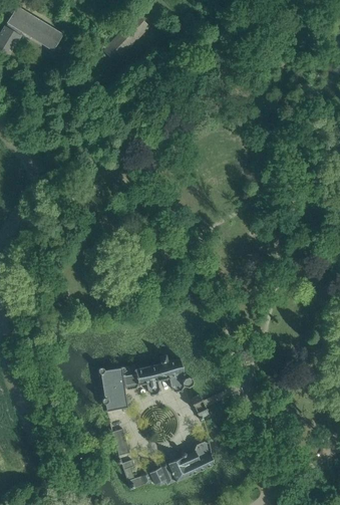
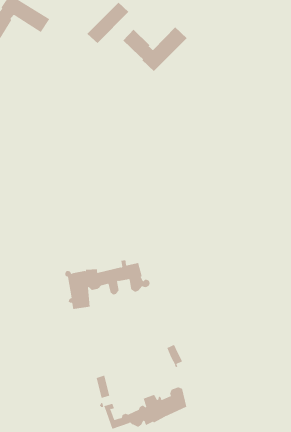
building: none -> [123,27,188,72]
building: [97,355,193,411] -> [64,260,150,310]

